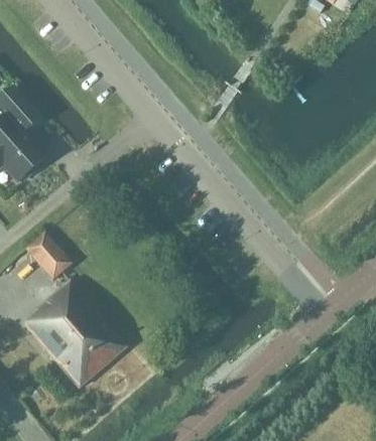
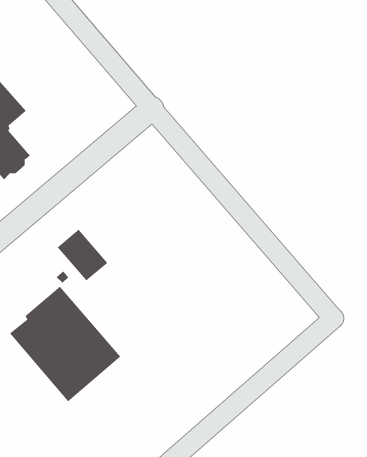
building: [23,231,71,279] -> [57,229,108,281]

